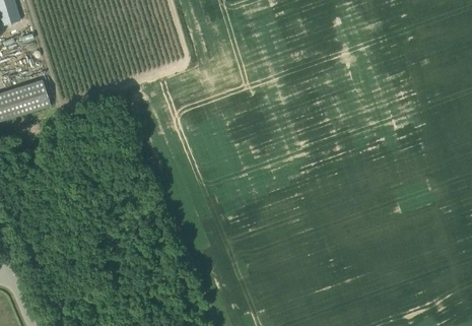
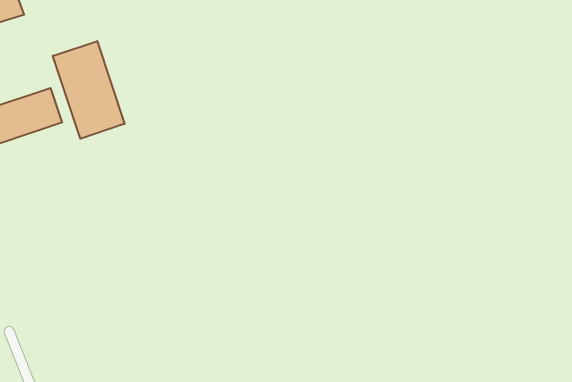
building: none -> [53,41,125,139]

